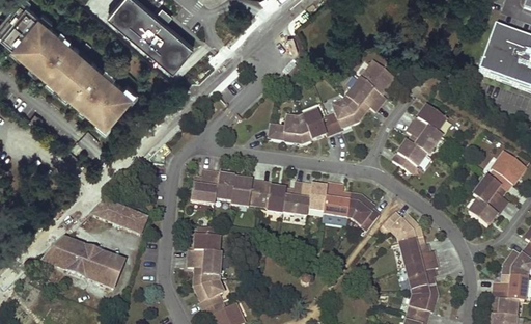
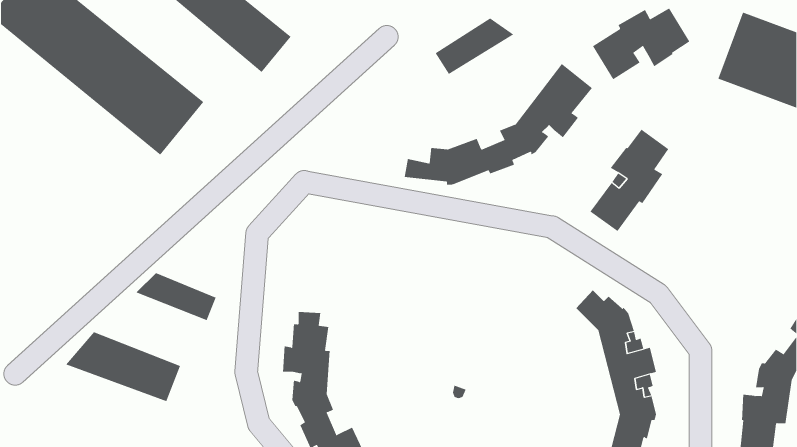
building: none -> [592,8,690,80]
building: none -> [435,17,514,75]
building: [468,152,525,225] -> none
building: [190,170,379,230] -> none

